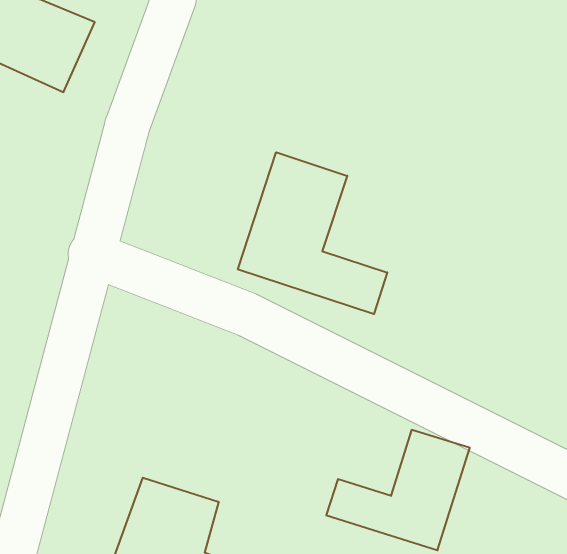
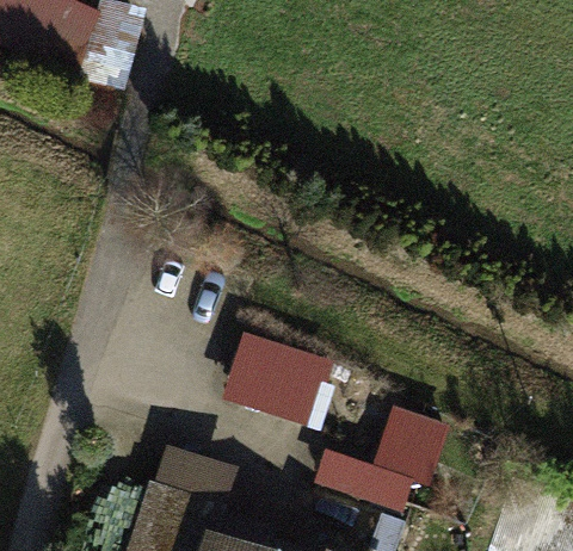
building: [238,152,387,314] -> none
building: none -> [212,330,328,426]

